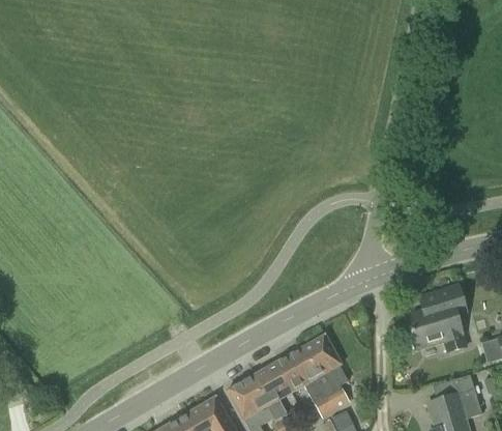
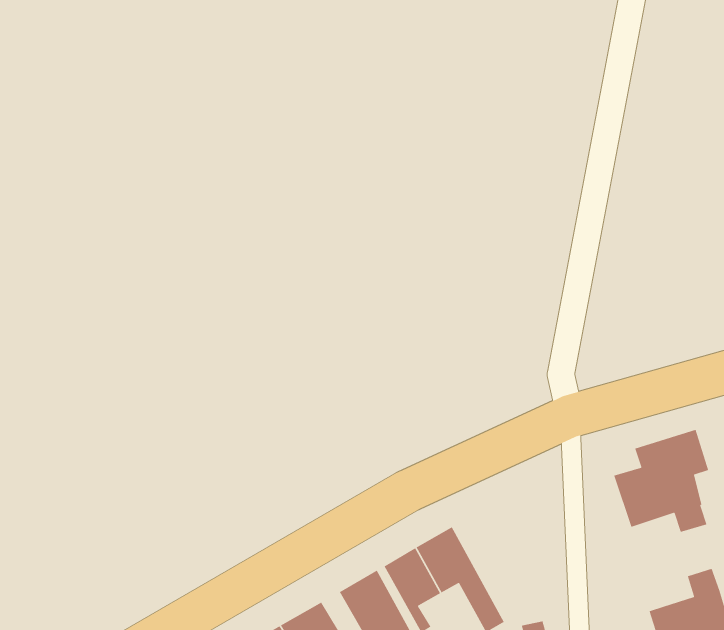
building: [300,335,348,410] -> none

